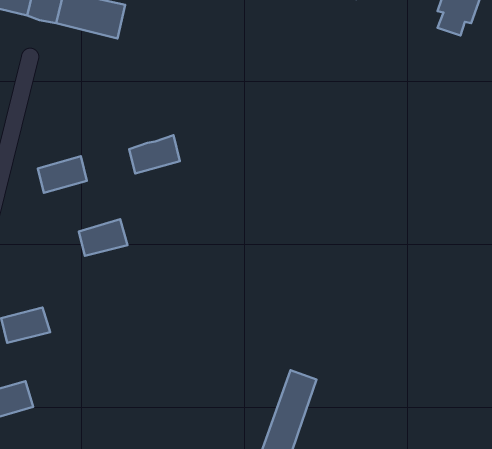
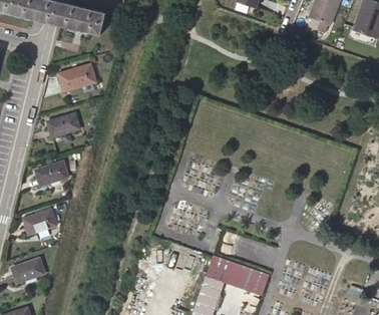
building: [129,135,180,174] -> [59,64,92,89]
building: [79,219,128,256] -> [35,161,67,185]
building: none -> [218,258,269,297]

